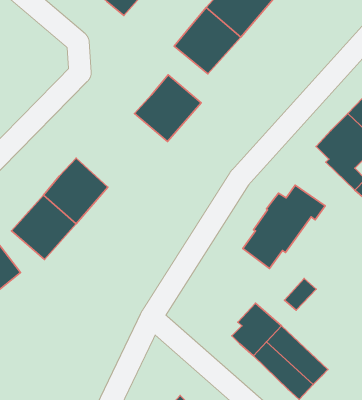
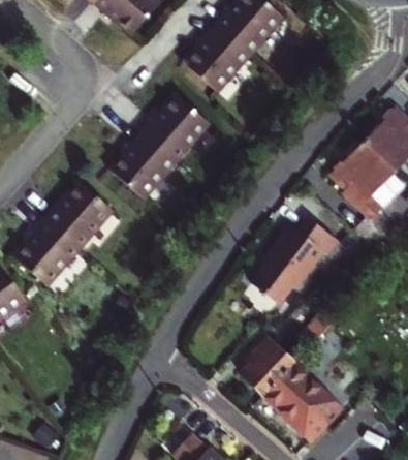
building: none -> [109,137,176,204]

